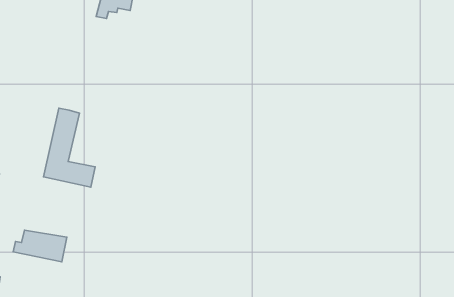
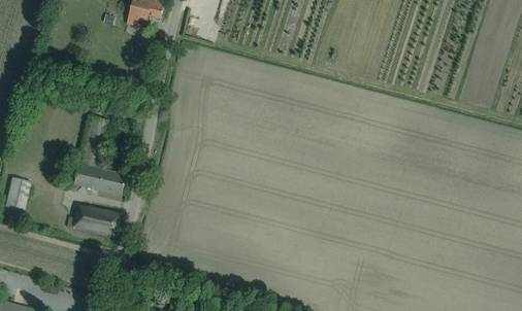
building: [13,230,67,262] -> [67,206,121,238]

